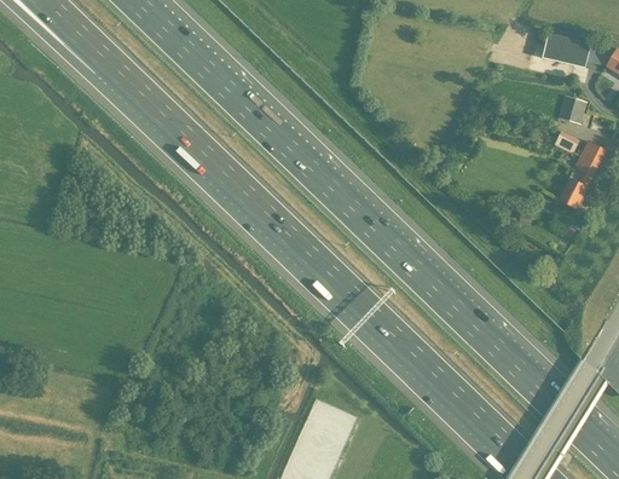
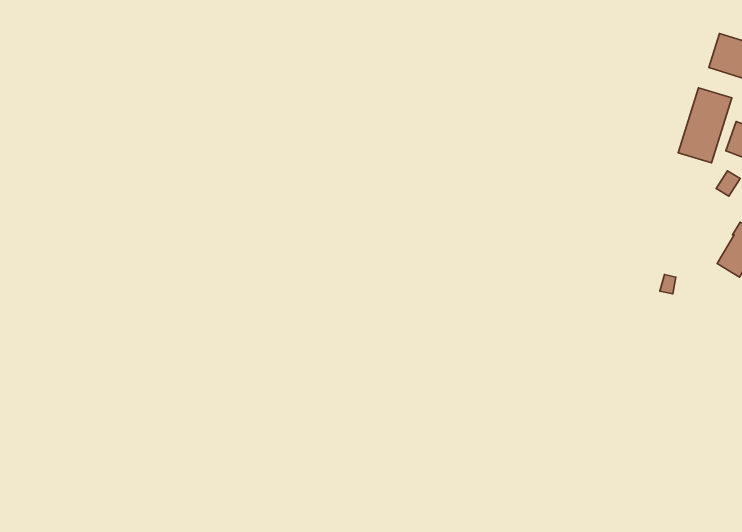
building: none -> [678,88,732,163]

